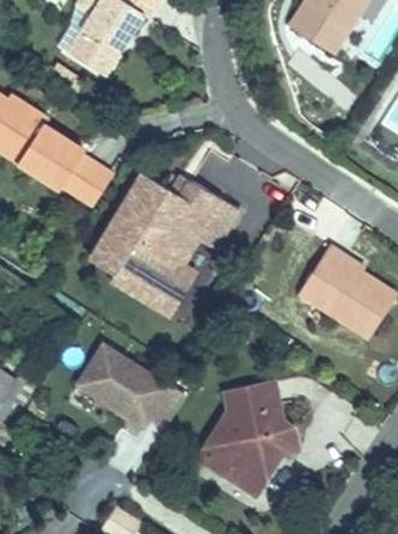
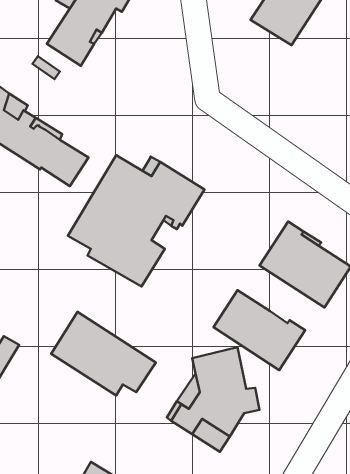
building: none -> [213,290,305,370]

